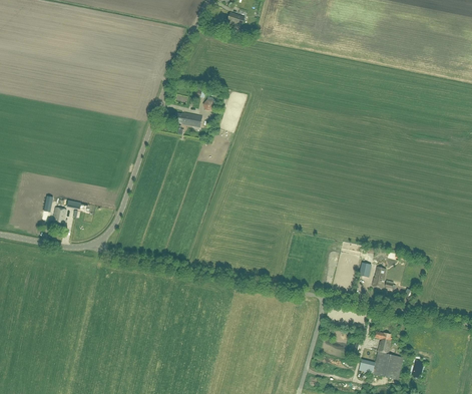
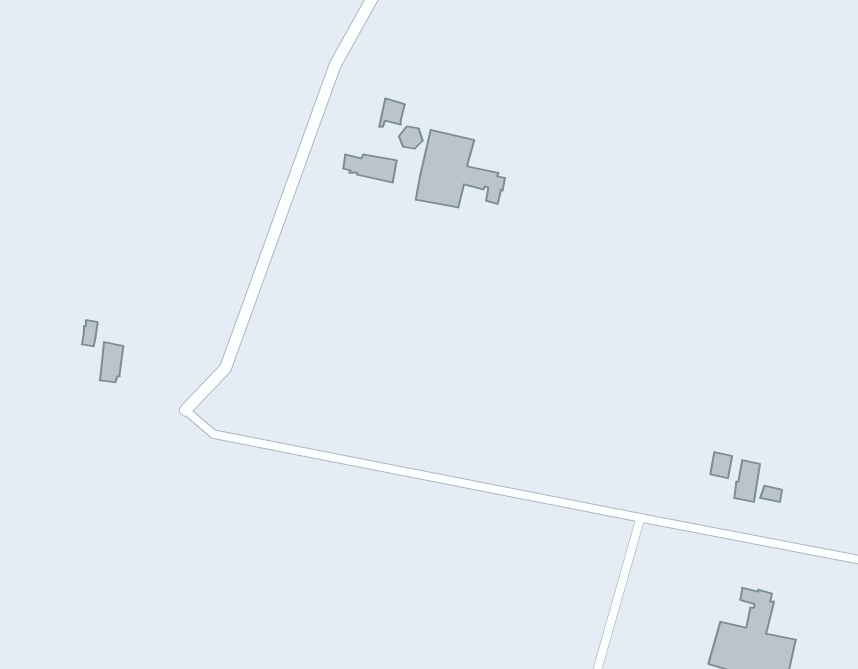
building: none -> [416,130,505,208]

